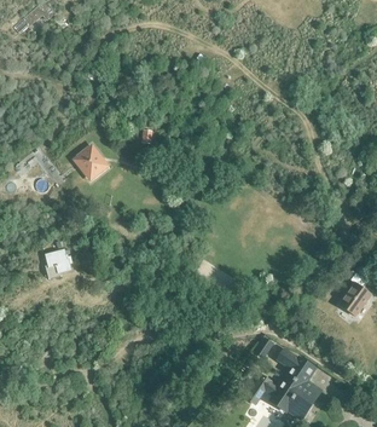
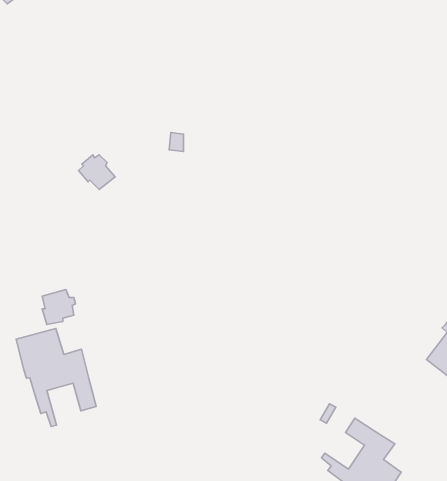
building: none -> [16,329,96,427]

